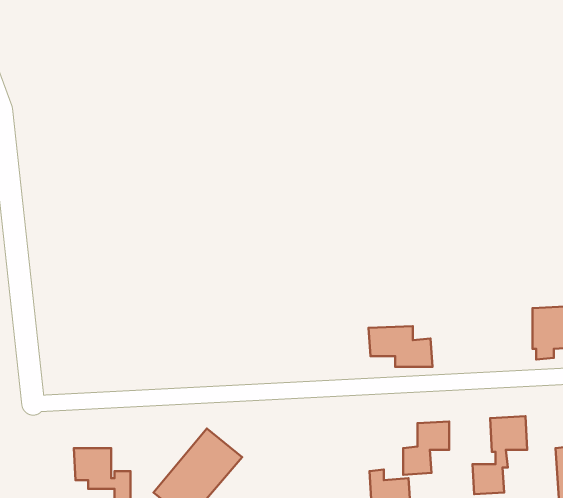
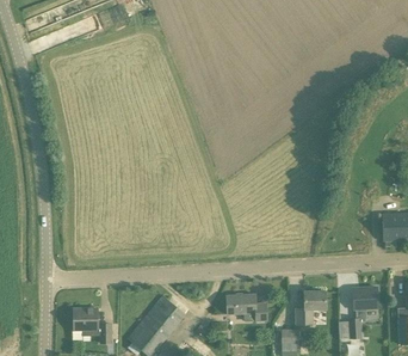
building: [369,326,432,367] -> [225,293,268,320]

